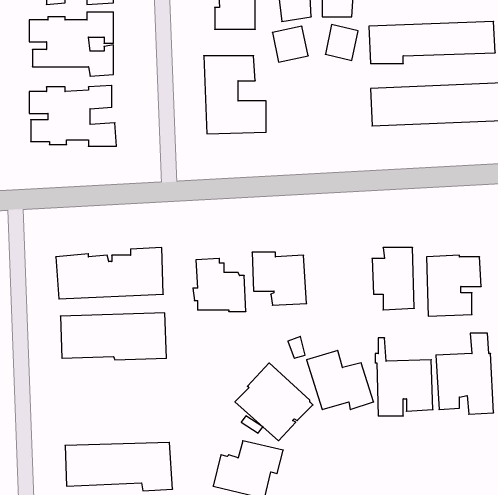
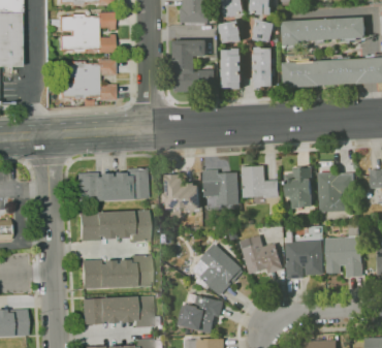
building: none -> [254,48,273,87]
building: none -> [221,49,242,88]
building: none -> [243,164,281,204]
building: none -> [79,254,150,287]

